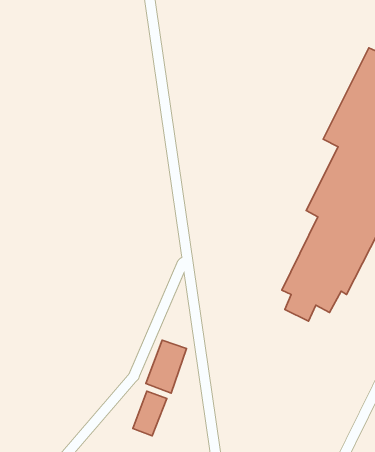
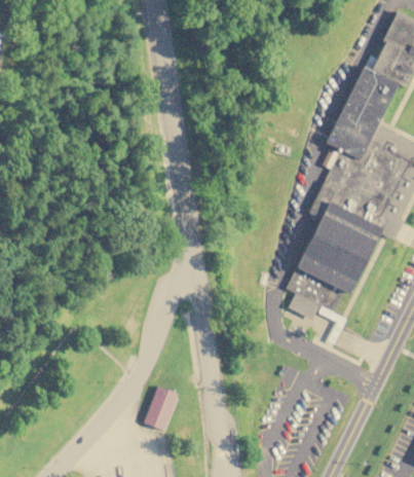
building: [146,340,186,393] -> none

